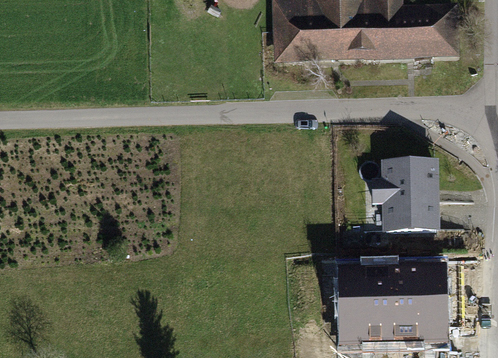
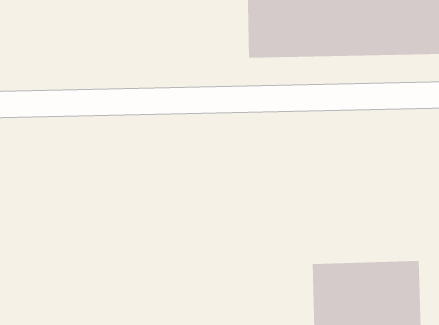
building: [368,163,431,216] -> none

